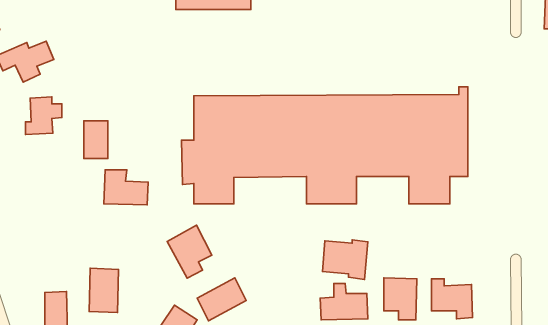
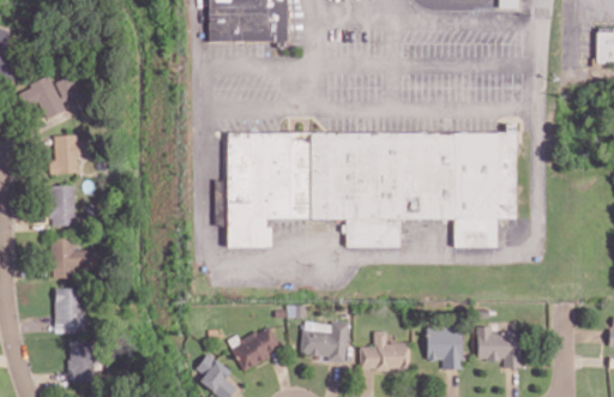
building: [84,121,108,159] -> [49,186,74,225]
building: [104,170,148,205] -> [50,237,97,275]
building: [167,225,212,278] -> none
building: [323,240,368,279] -> [301,320,349,362]
building: [89,268,119,313] -> [54,287,85,333]

